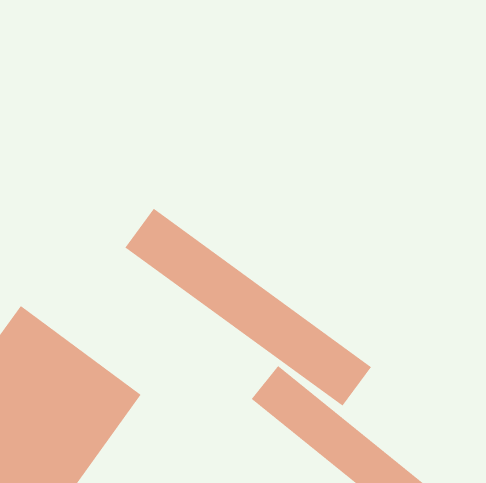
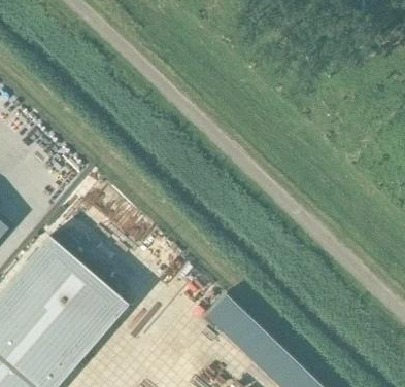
building: [125,208,372,407] -> none

